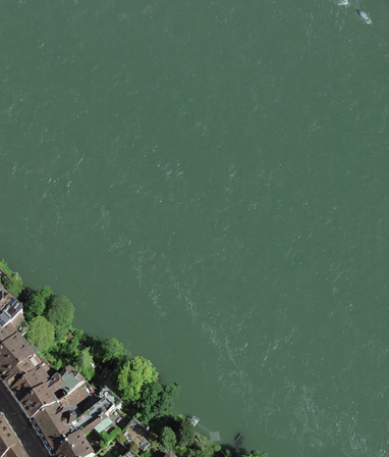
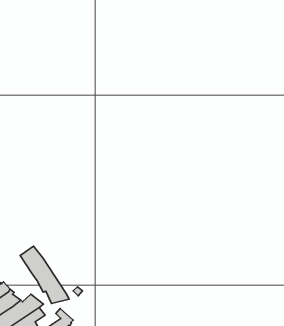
building: none -> [20,246,69,304]

